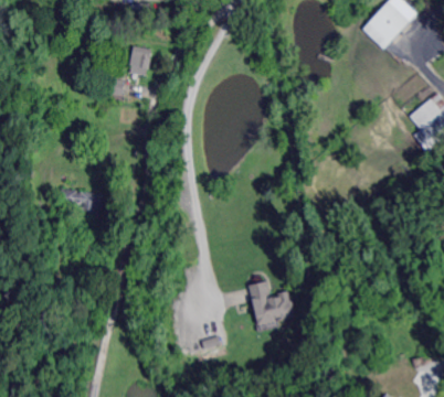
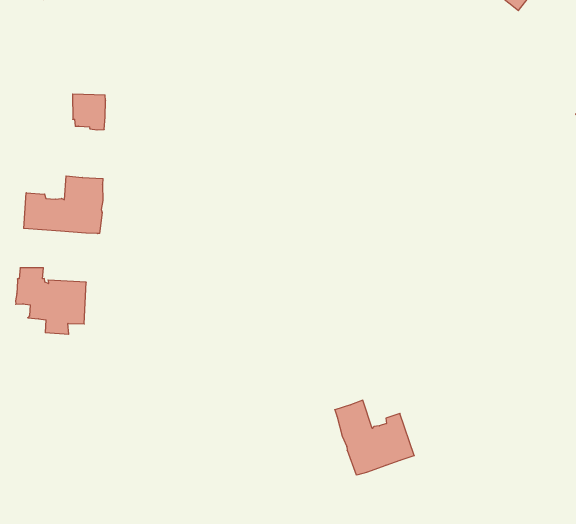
building: [130,46,152,76] -> none
building: none -> [24,176,103,234]

